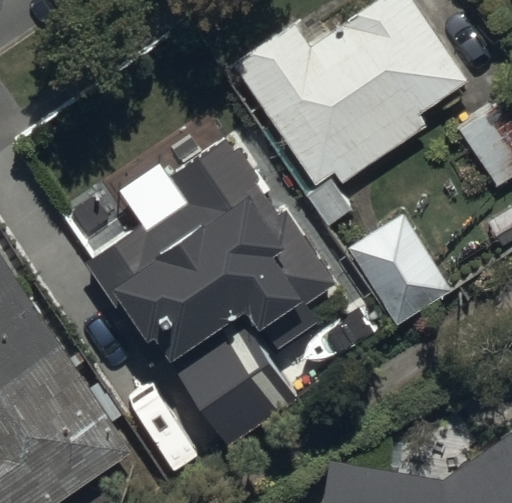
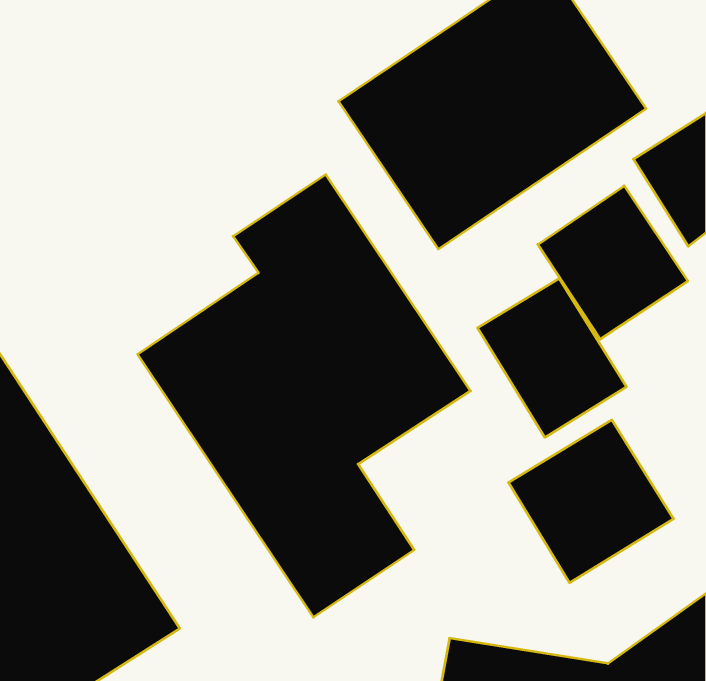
building: none -> [538,186,688,339]
building: none -> [508,420,674,583]

